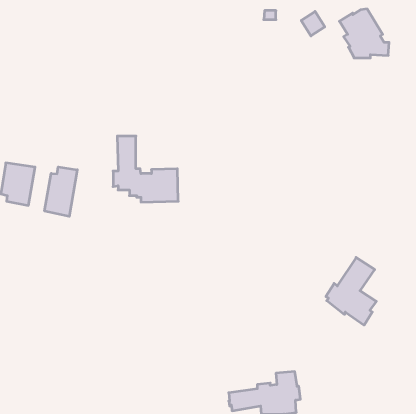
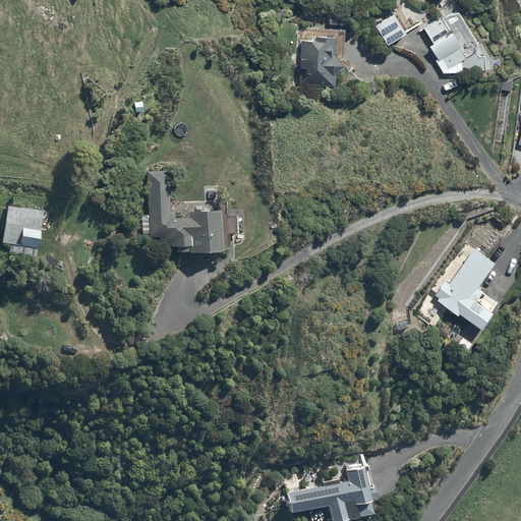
building: none -> [300,37,347,84]
building: [45,167,77,216] -> none
building: [326,257,376,325] -> [436,246,499,331]

